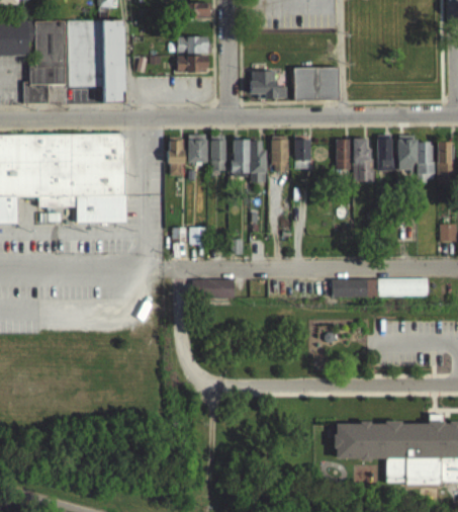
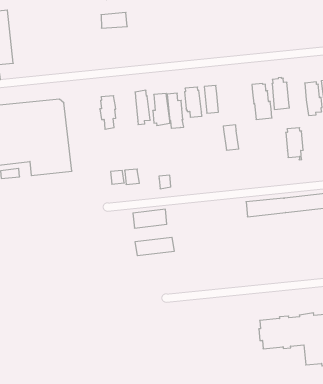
building: [69,19,124,101] -> none
building: [178,56,208,72] -> none
building: [294,67,339,100] -> none
building: [252,71,277,99] -> none
building: [186,134,207,162] -> none
building: [396,135,416,173] -> [286,128,303,160]
building: [335,140,351,169] -> [223,125,239,150]
building: none -> [135,237,174,256]

